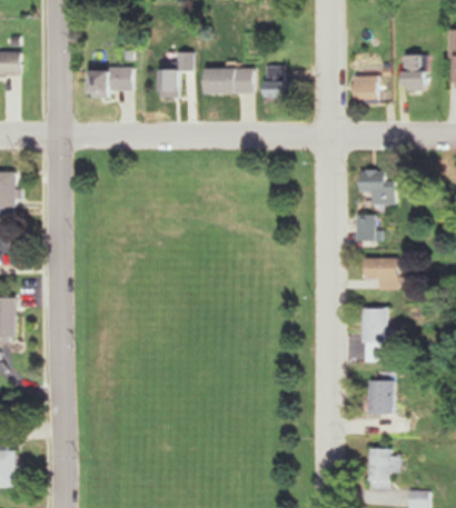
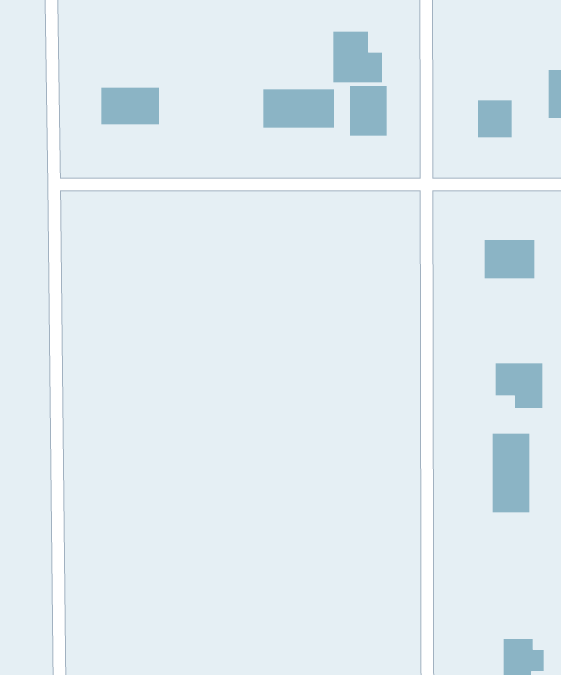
building: none -> [333,31,383,83]
building: [157,60,180,98] -> none
building: [353,216,376,243] -> none
building: [369,381,394,415] -> none

